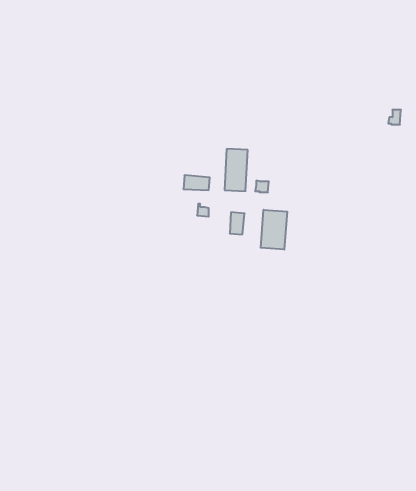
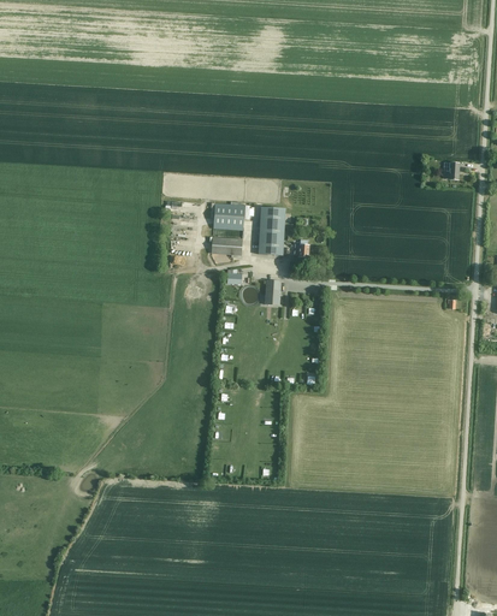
building: none -> [213,202,244,227]
building: [261,210,287,250] -> none

